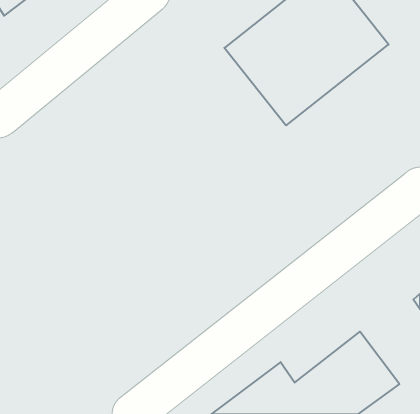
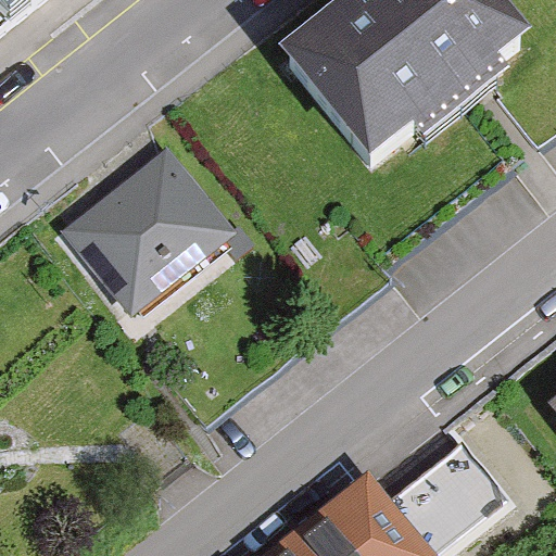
building: none -> [53,143,228,317]

